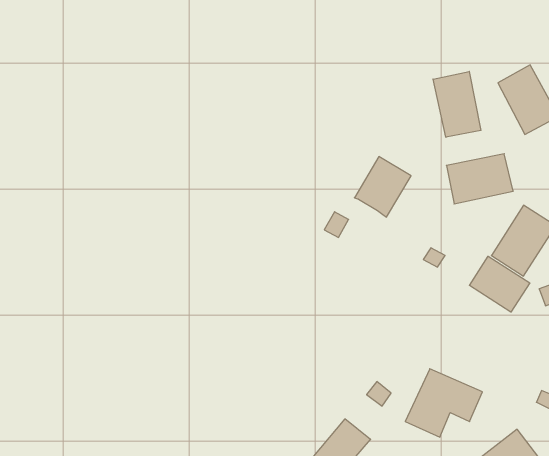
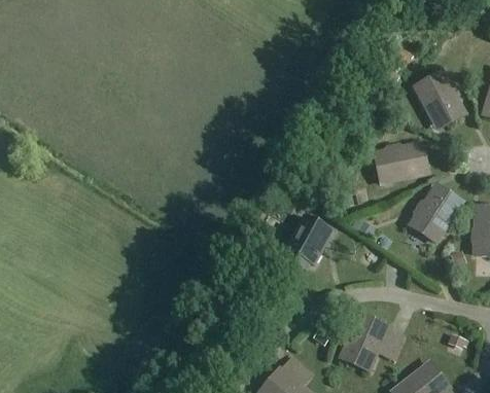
building: [433,71,481,137] -> none
building: [354,157,411,217] -> [283,216,328,264]
building: [469,256,530,312] -> none

